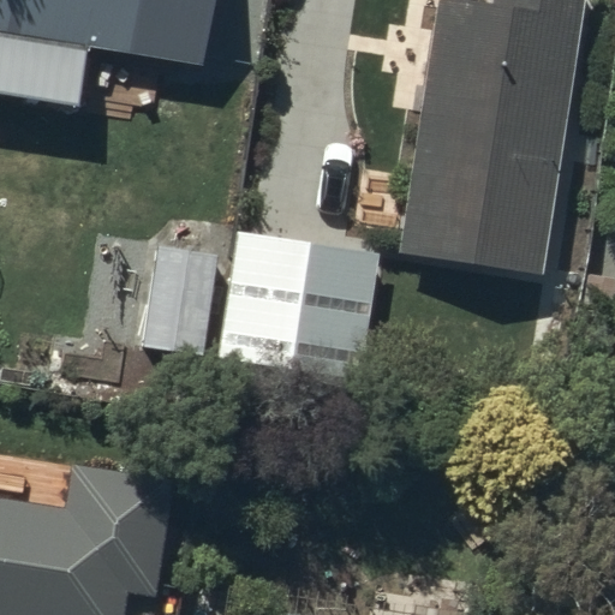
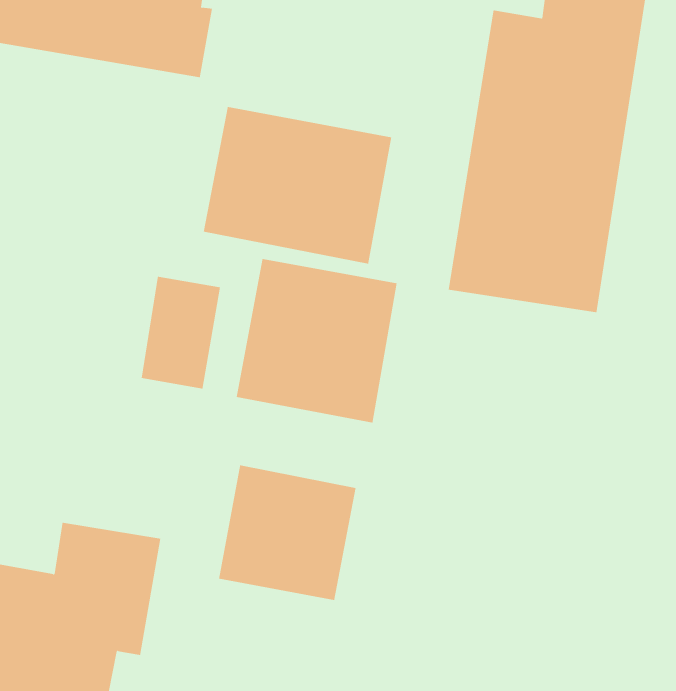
building: none -> [203,106,392,264]
building: none -> [219,465,356,601]

